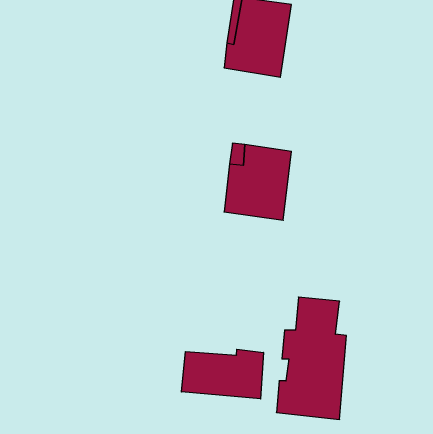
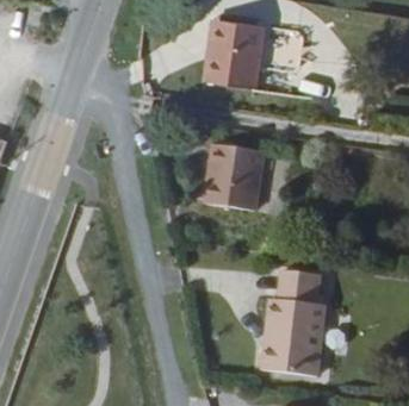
building: [181,349,263,399] -> none

